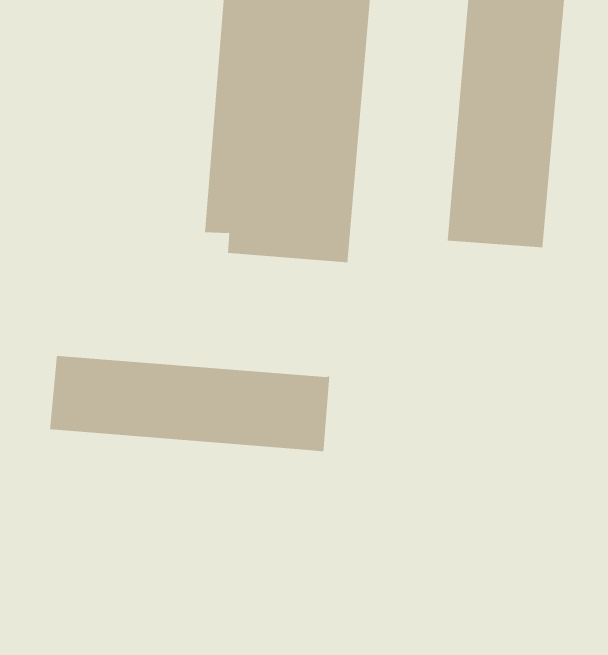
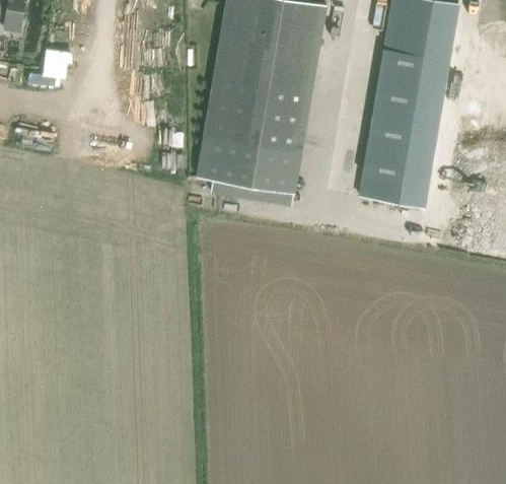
building: [50,355,330,452] -> none

